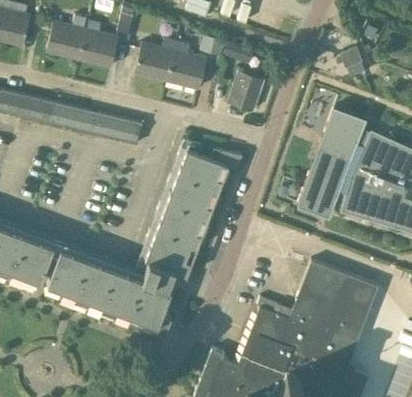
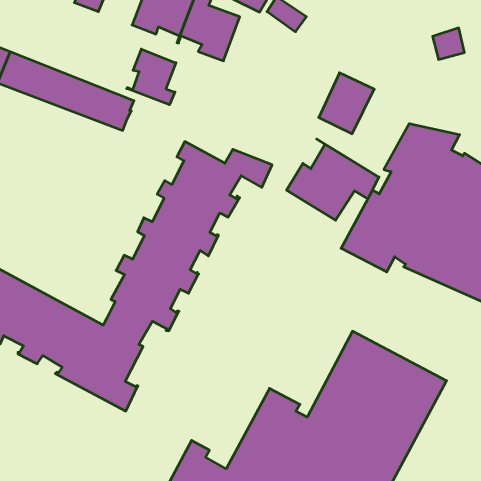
building: [229,71,264,111] -> [319,73,374,134]
building: none -> [127,49,176,105]
building: none -> [287,139,379,220]

